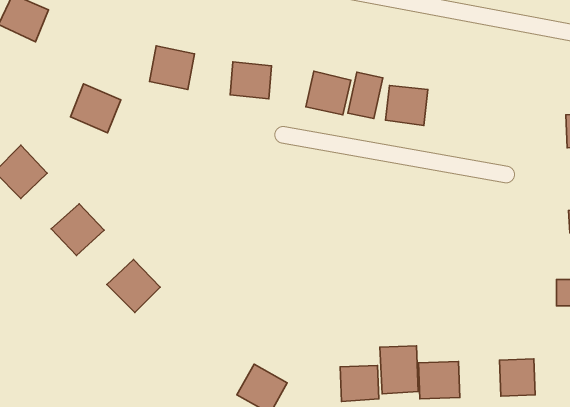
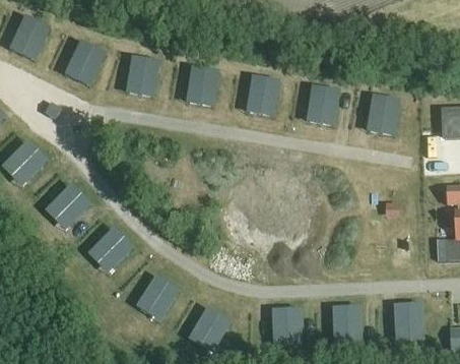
building: [348,72,383,119] -> none
building: [70,84,121,133] -> [65,47,104,84]
building: none -> [368,105,399,132]
building: none -> [140,274,181,313]
building: [380,346,418,394] -> none

